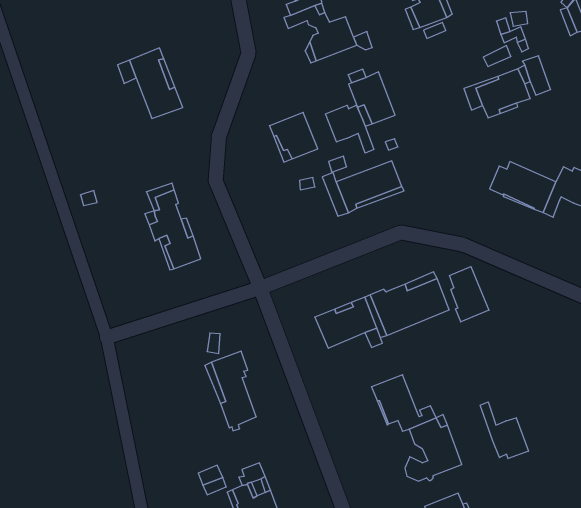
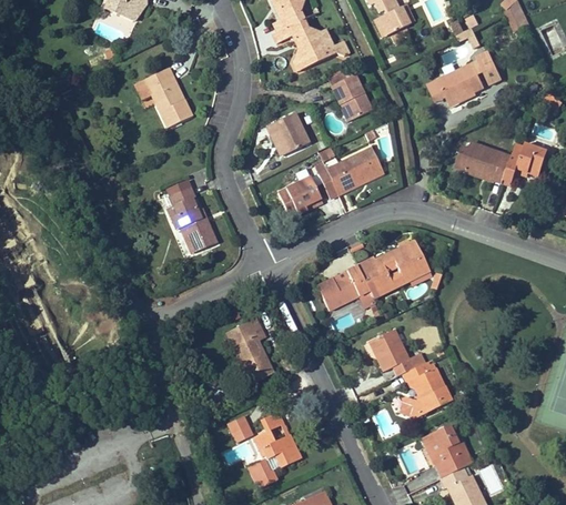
building: [326,105,374,153] -> none
building: none -> [277,176,323,218]
building: [450,267,489,322] -> none
building: [480,402,528,459] -> none

